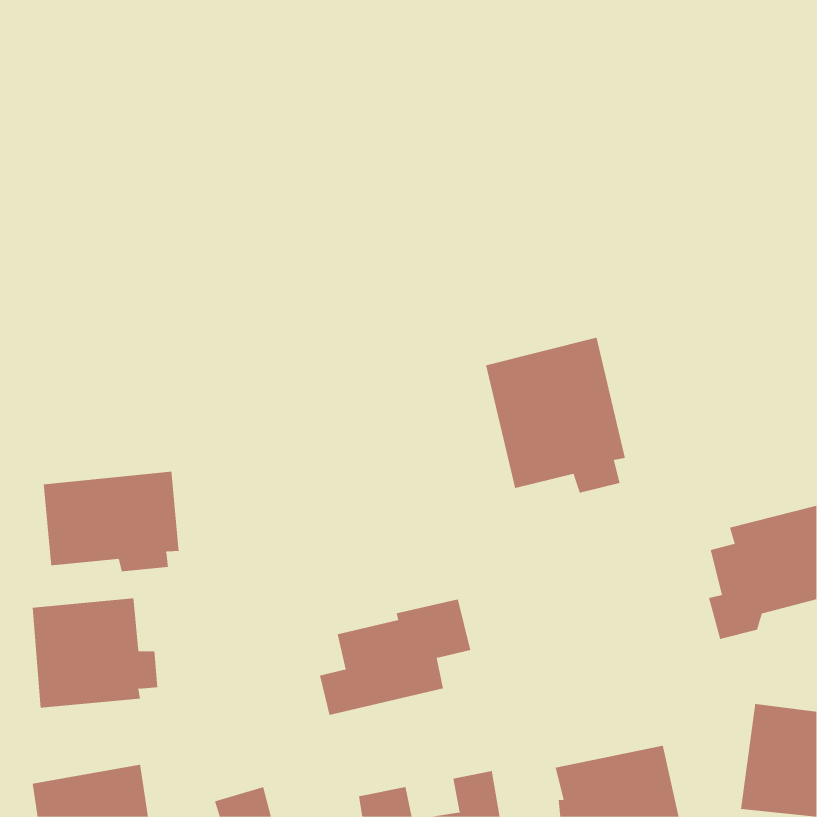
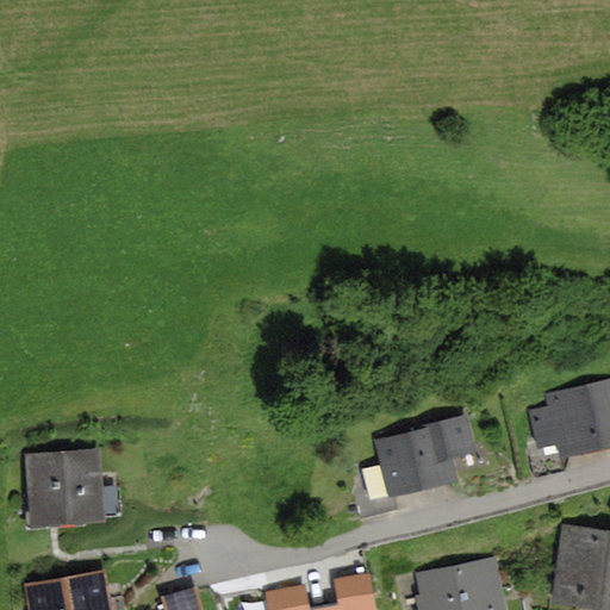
building: [485,337,625,493] -> none
building: [43,471,179,572] -> none
building: [319,599,471,716] -> [363,413,477,500]

